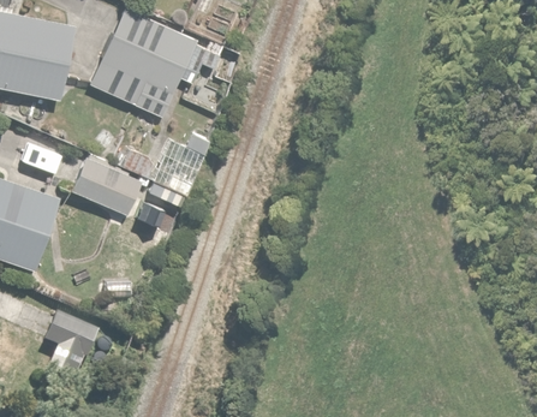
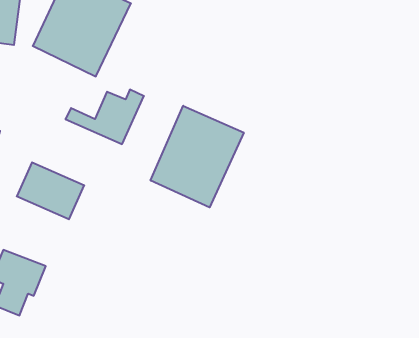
building: none -> [151,106,244,207]
building: [67,155,142,218] -> [17,162,84,219]

